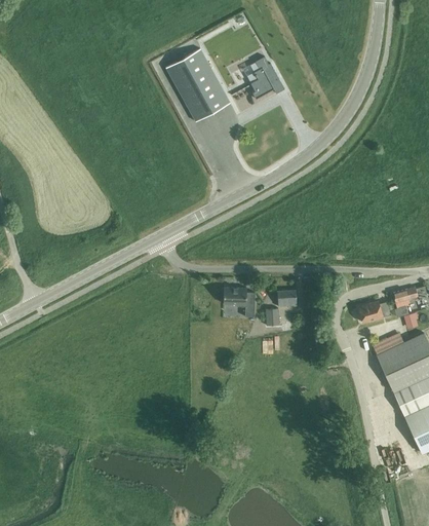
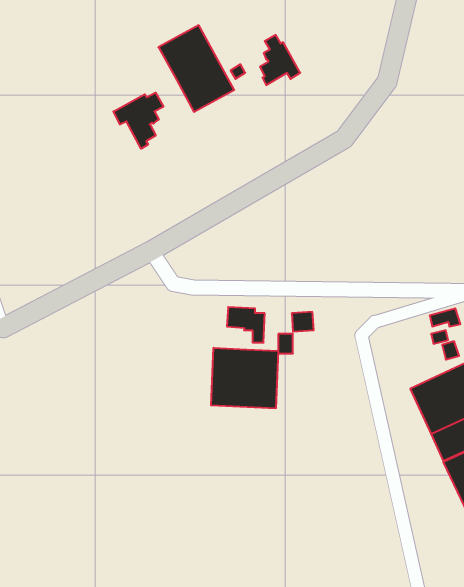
building: none -> [113,93,163,149]
building: [358,301,391,323] -> none
building: none -> [211,348,278,408]

